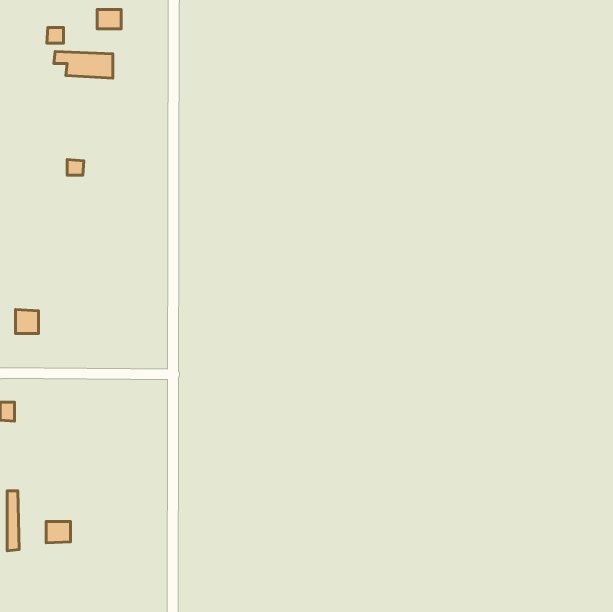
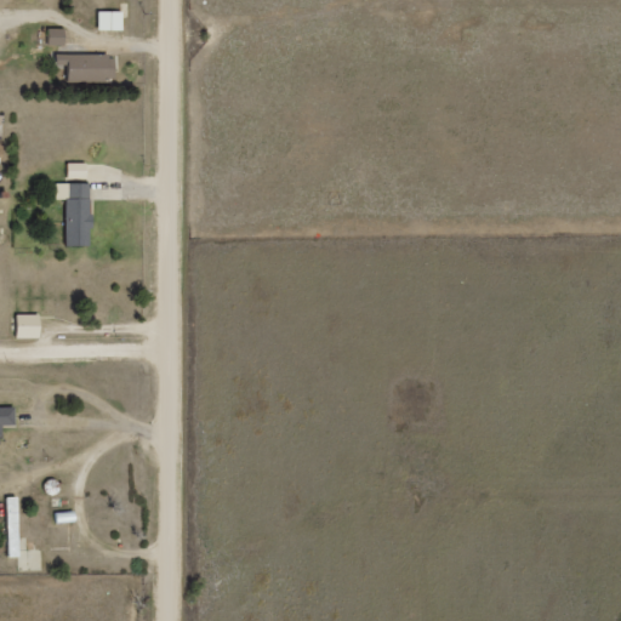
building: none -> [56,183,91,246]
building: [46,521,70,543] -> none

